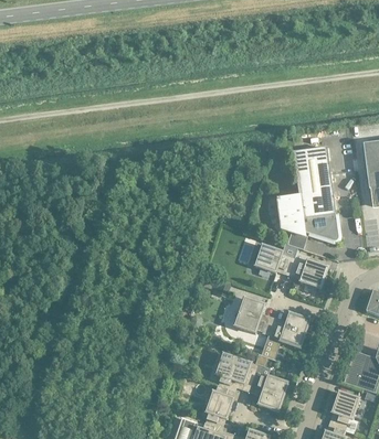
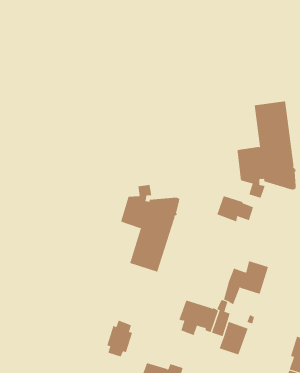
building: none -> [121,184,180,273]
building: [289,251,328,288] -> none
building: [234,297,273,334] -> none
building: [206,385,233,424] -> [106,320,133,357]

